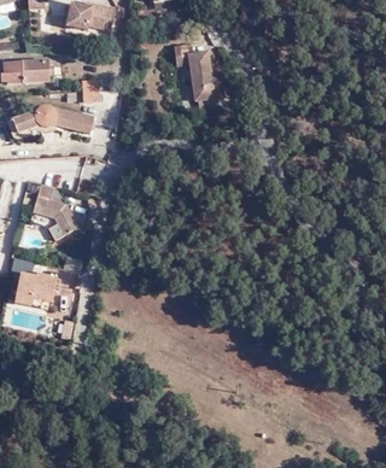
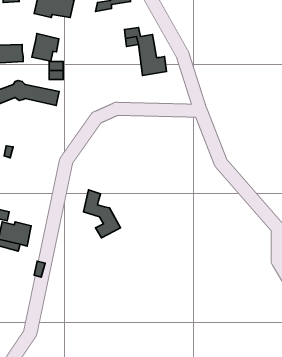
building: none -> [32,34,59,61]
building: [37,182,82,240] -> [84,190,121,238]

